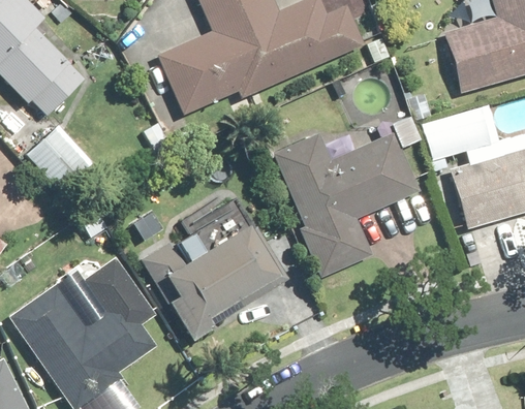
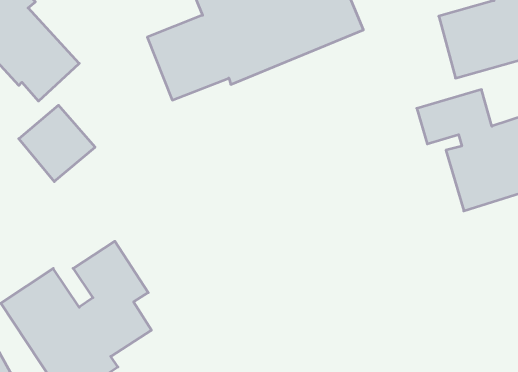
building: [268,133,421,279] -> none
building: [142,199,292,340] -> none

